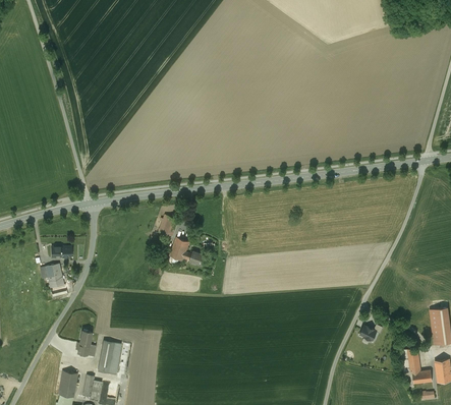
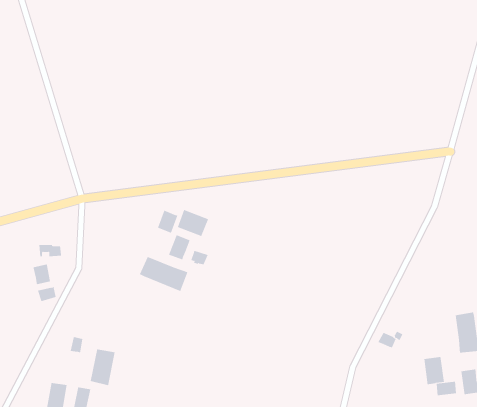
building: none -> [177,209,209,237]
building: none -> [139,256,188,292]

